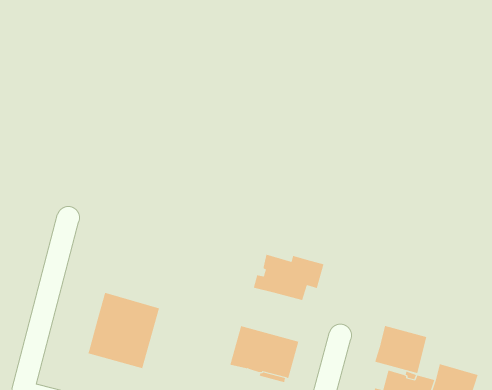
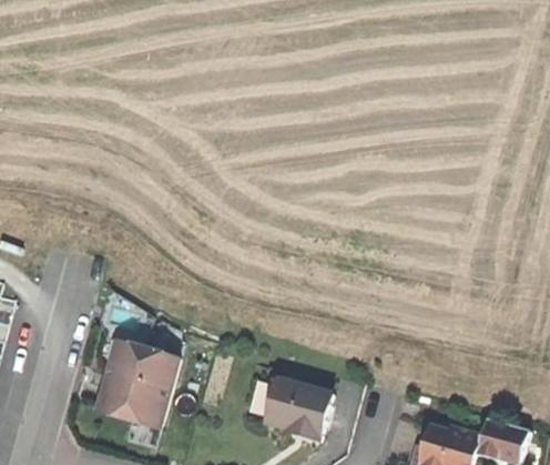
building: [253,254,324,301] -> none
building: [375,325,427,374] -> none

